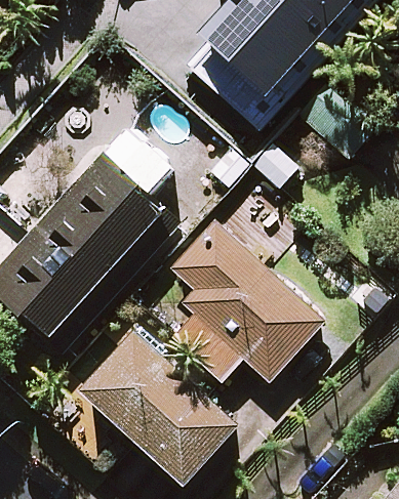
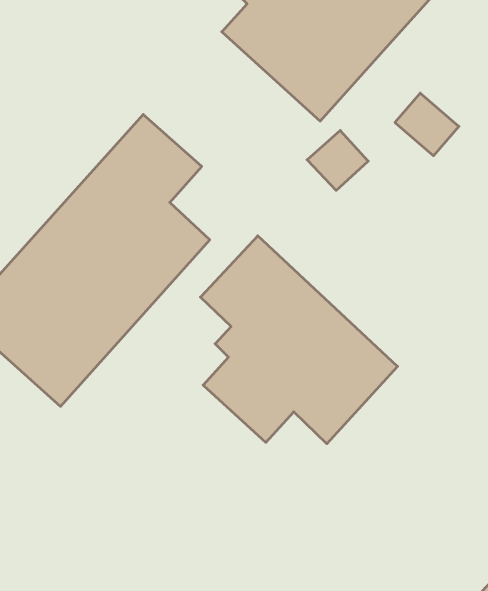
building: [78,332,234,484] -> none

